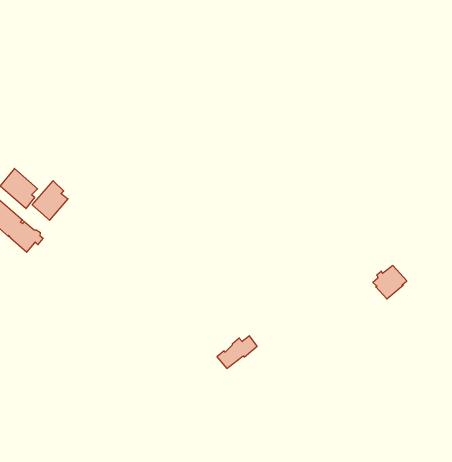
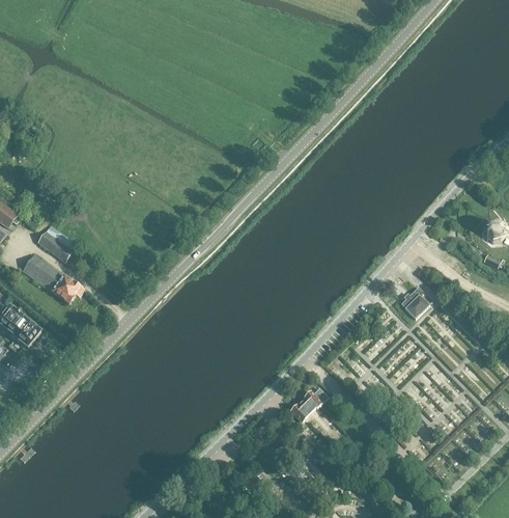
building: [32,181,68,220] -> none
building: [217,336,257,369] -> [289,388,327,421]

